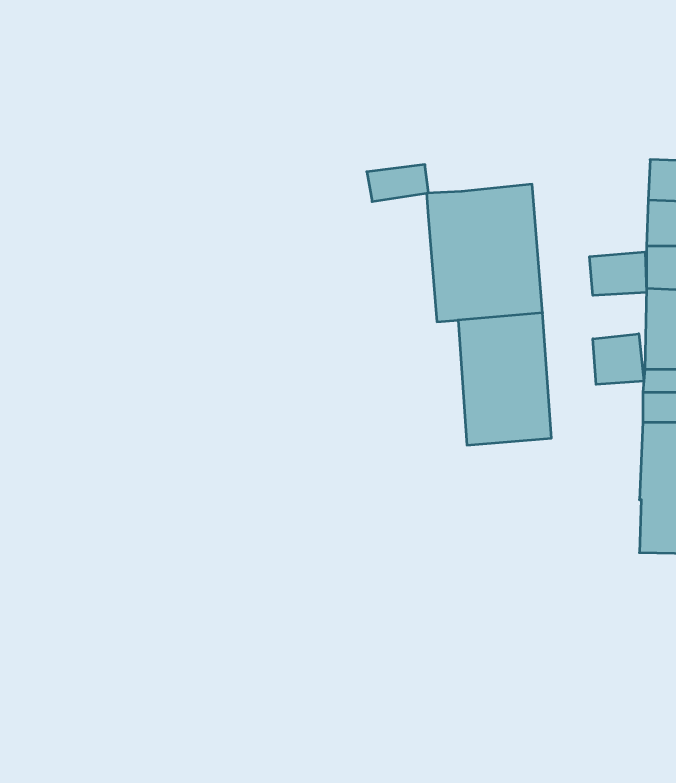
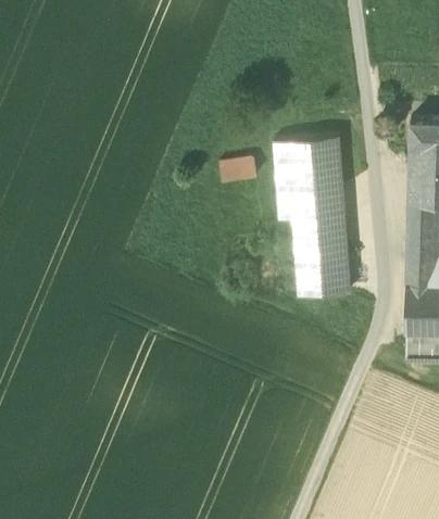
building: [367,165,428,202] -> [218,155,256,178]
building: [590,252,646,295] -> none
building: [593,334,644,384] -> none

